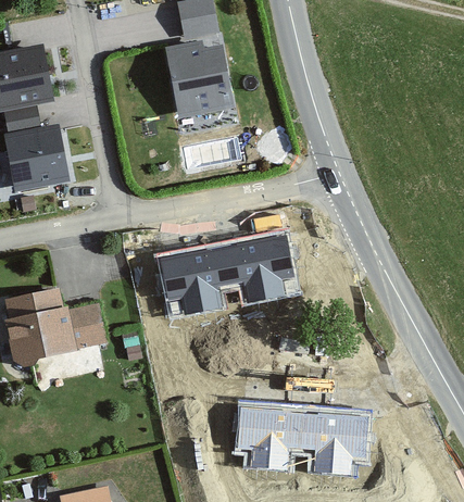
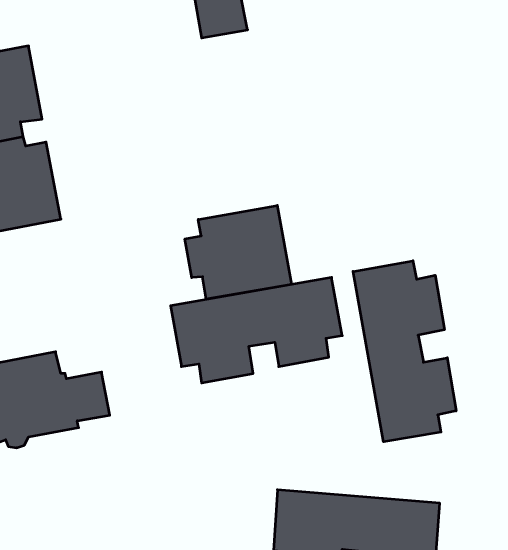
building: [164,39,233,117] -> none
building: none -> [185,205,291,299]
building: none -> [353,261,456,442]

